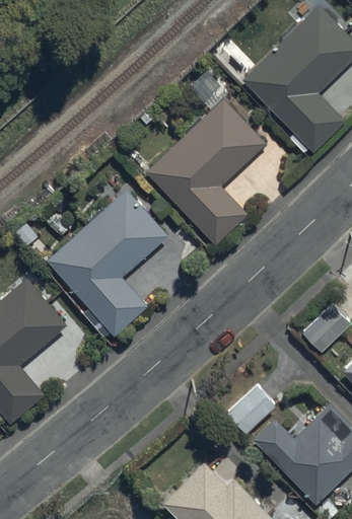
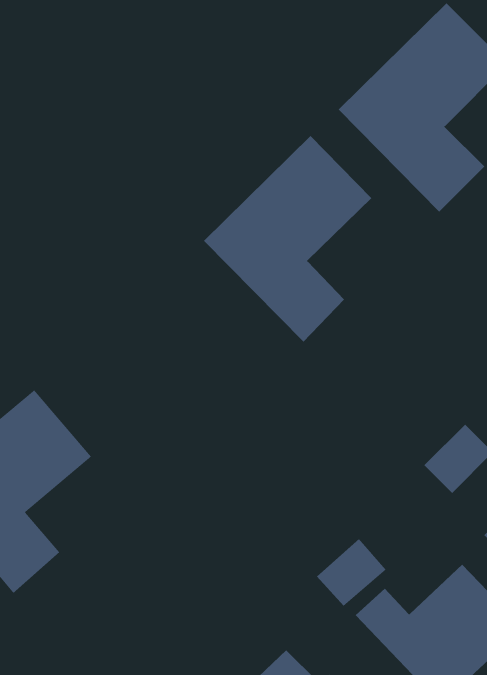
building: [47,189,168,336] -> none

